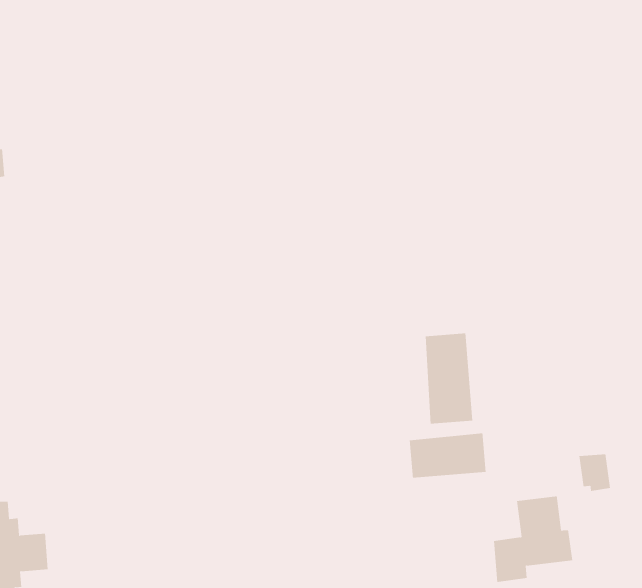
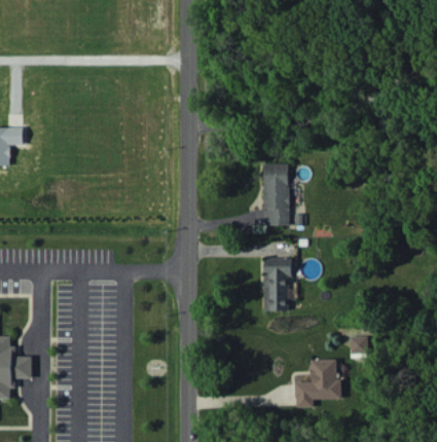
building: none -> [263,163,289,225]
building: [409,433,486,478] -> none

